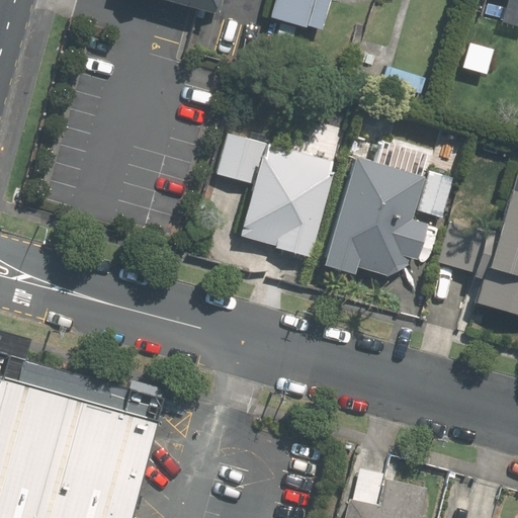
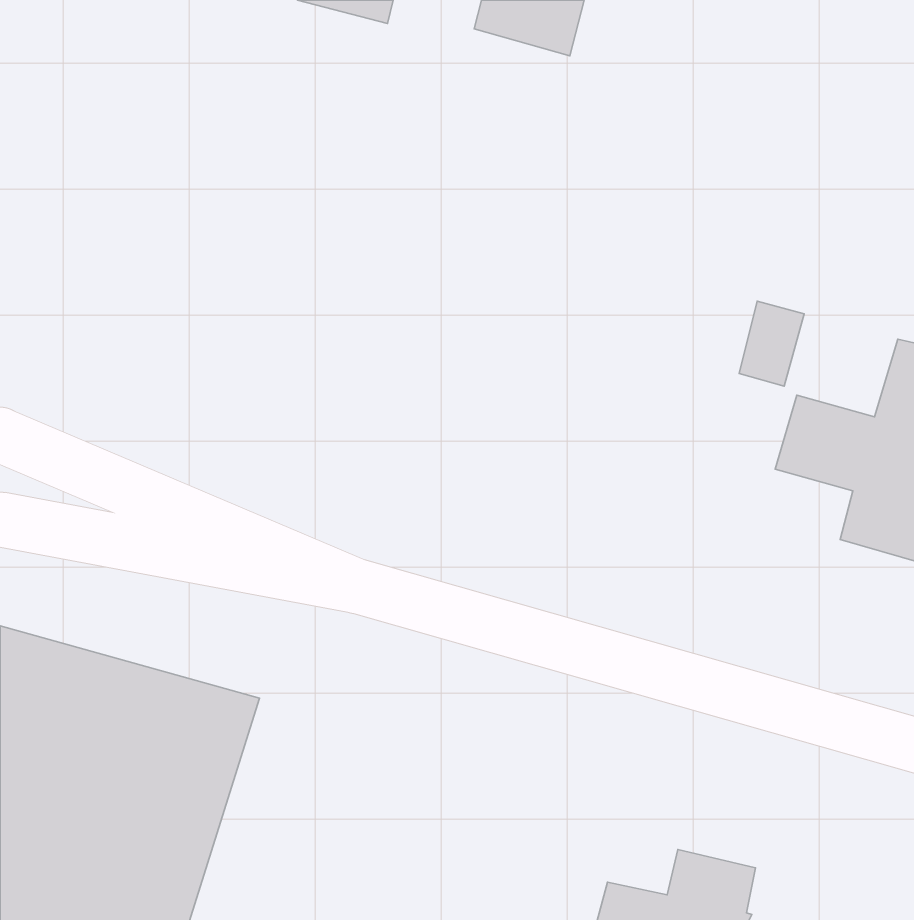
building: [218,134,337,259] -> none
building: [321,155,428,276] -> none

